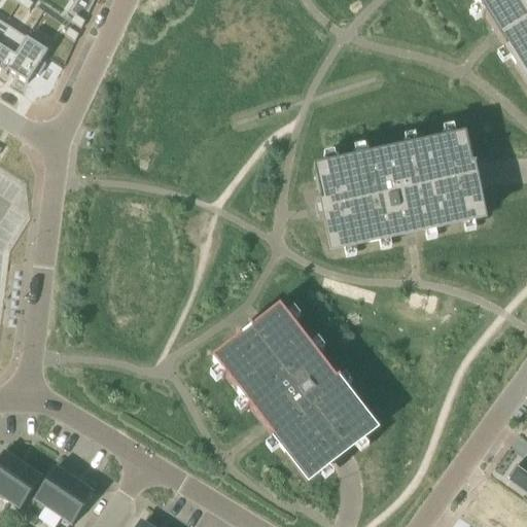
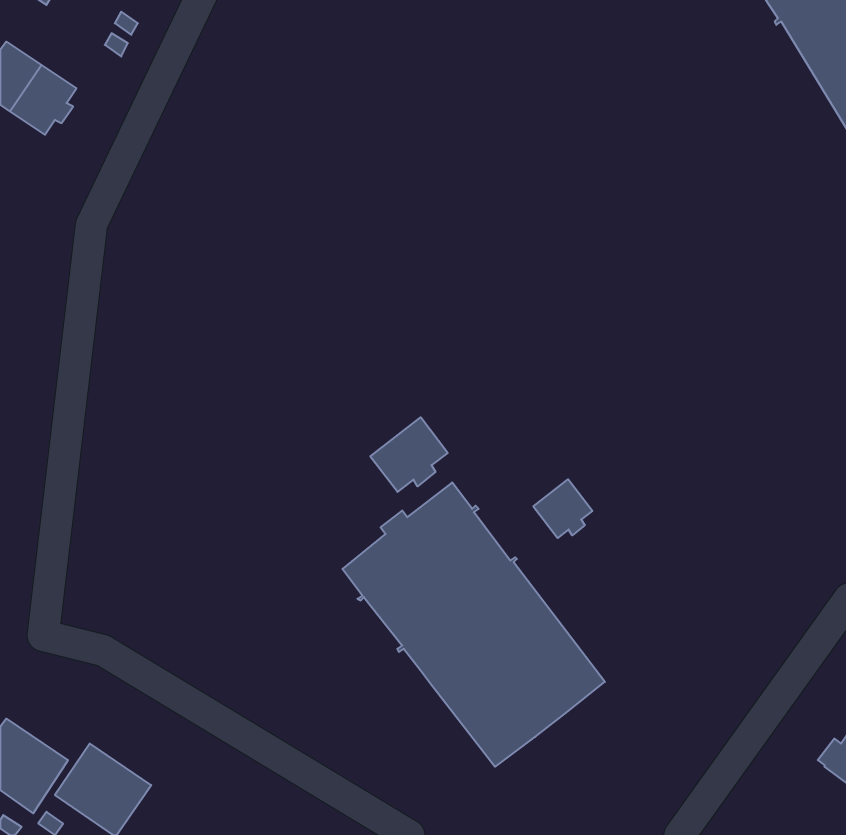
building: [313,131,484,248] -> none
building: none -> [370,417,448,492]
building: none -> [533,479,592,538]

